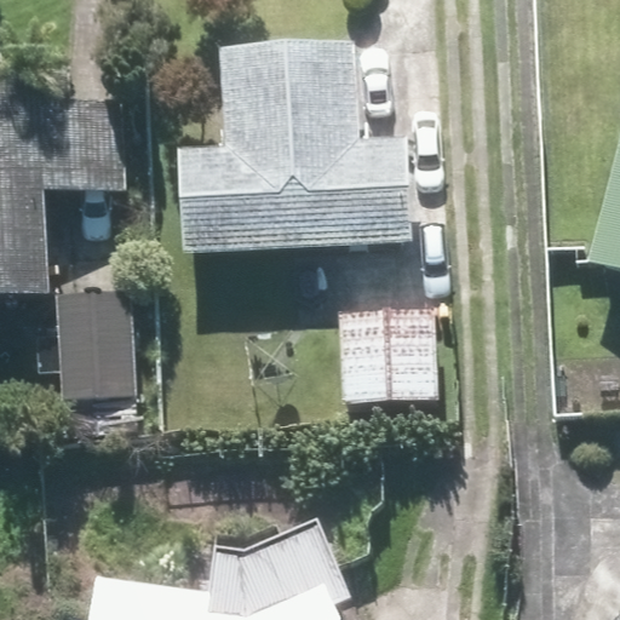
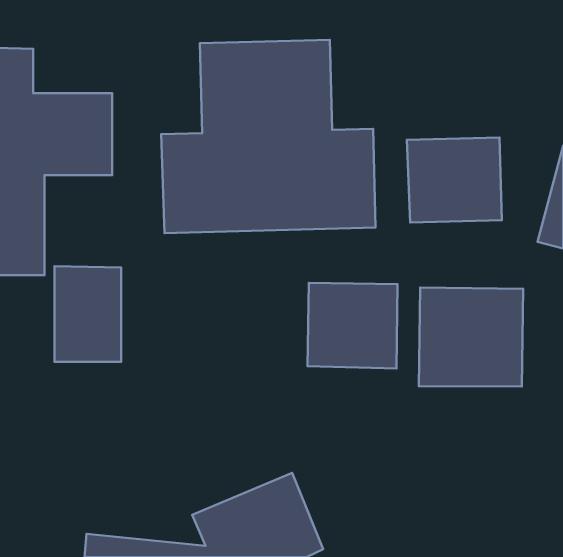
building: none -> [407,137,502,223]
building: none -> [419,288,523,386]

